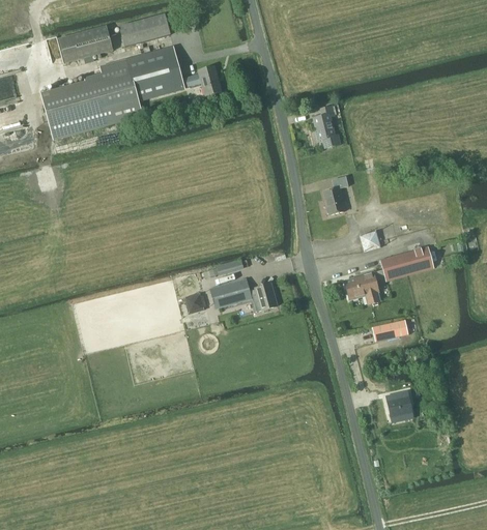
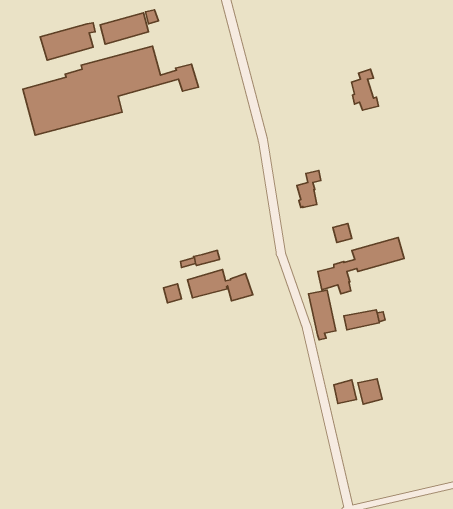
building: [313,105,341,147] -> [351,69,379,110]
building: none -> [309,290,336,340]
building: none -> [334,380,357,404]

